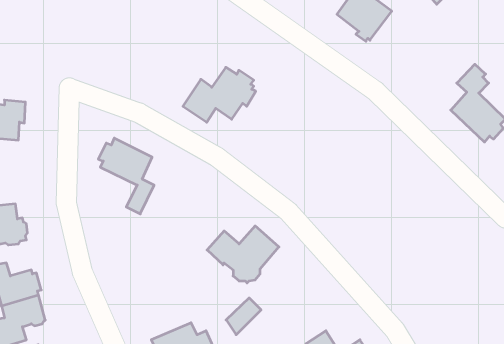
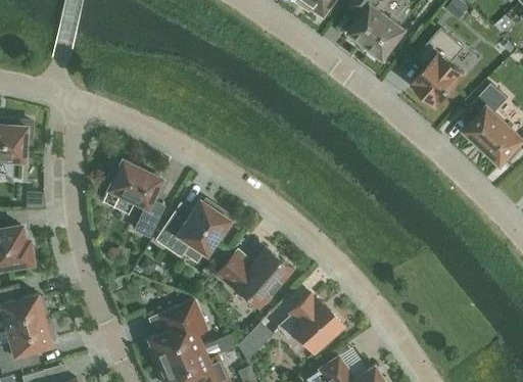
building: none -> [413,28,464,104]
building: [183,67,256,122] -> [155,200,230,256]
building: none -> [277,293,343,352]
building: none -> [147,300,207,365]

